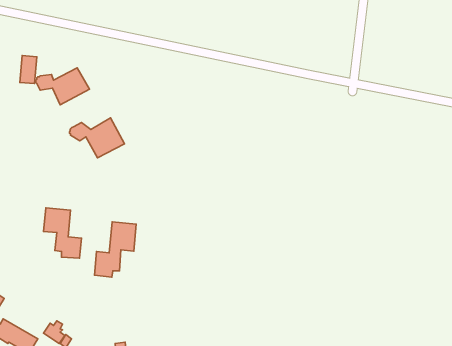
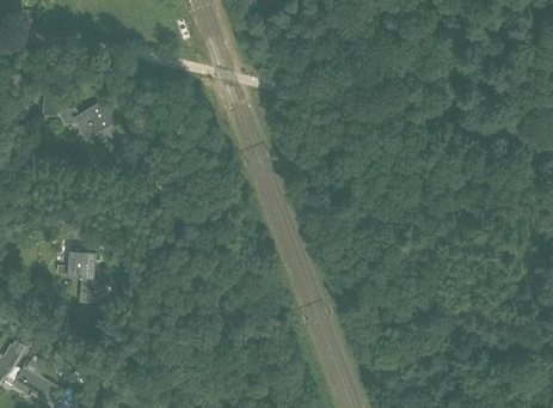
building: [69,118,124,158] -> none
building: [95,222,136,277] -> none

